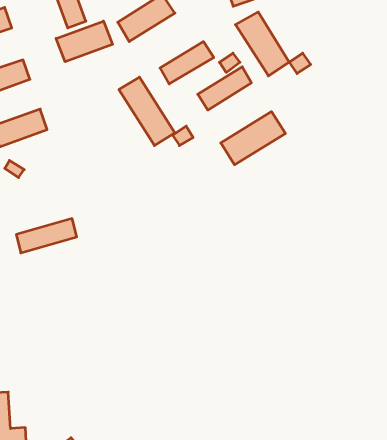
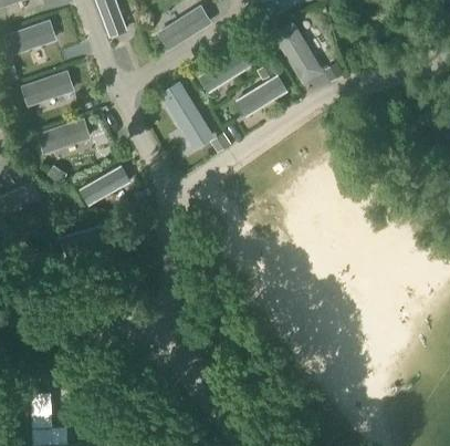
building: [56,21,113,62] -> none
building: [221,112,285,165] -> none
building: none -> [80,165,129,205]

